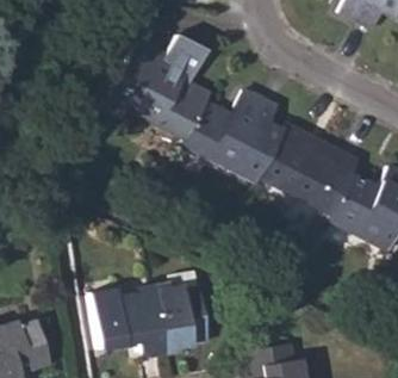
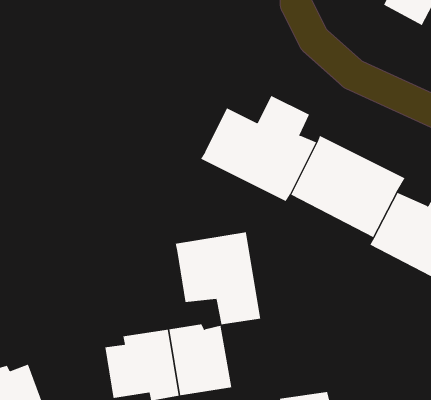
building: [107,33,209,137] -> none
building: none -> [175,231,261,325]

